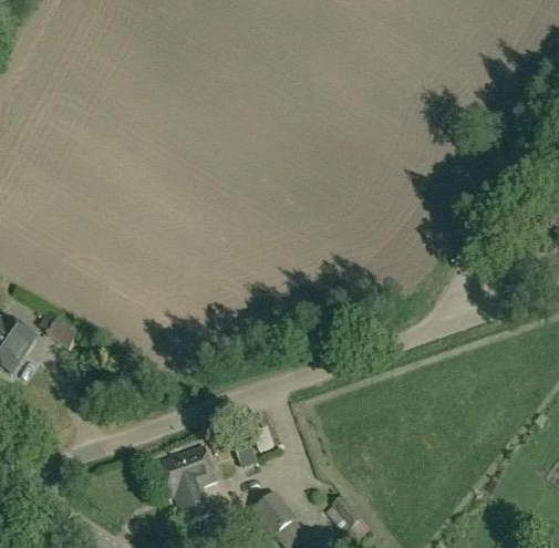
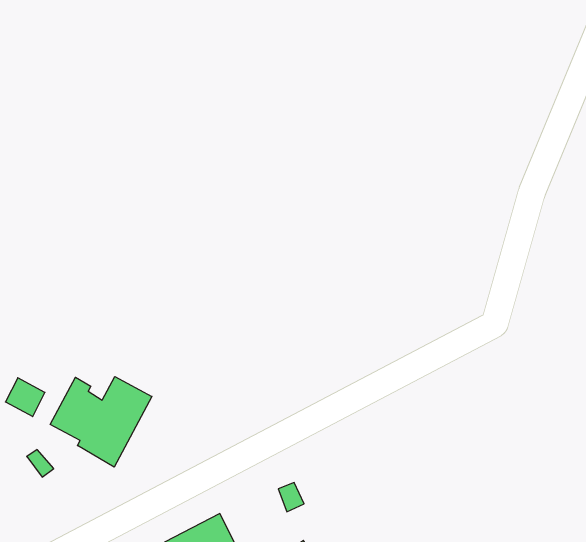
building: none -> [50,377,152,467]

